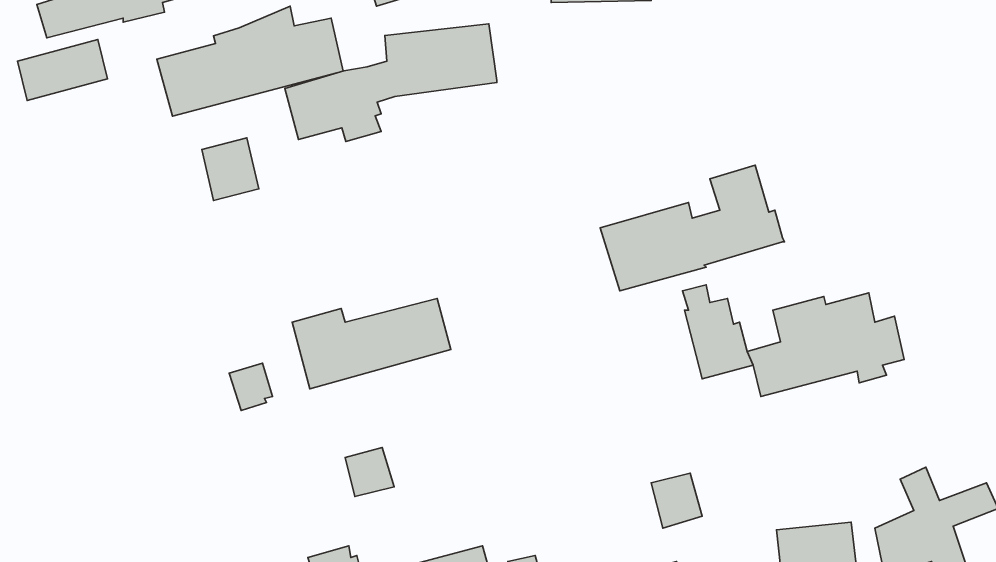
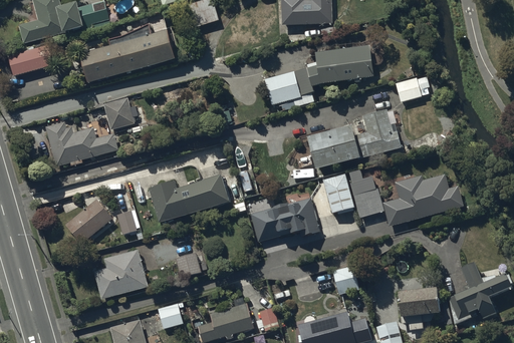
building: [285,24,497,141] -> [265,45,373,105]
building: none -> [397,76,424,100]
building: none -> [44,116,116,165]
building: none -> [323,175,354,213]
building: none -> [251,197,319,240]
building: none -> [65,199,110,243]
building: none -> [94,249,147,298]

